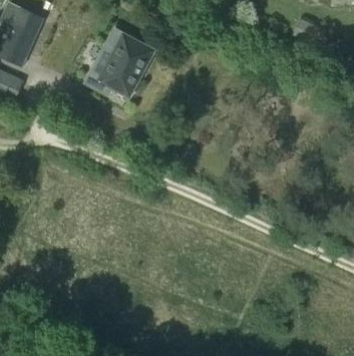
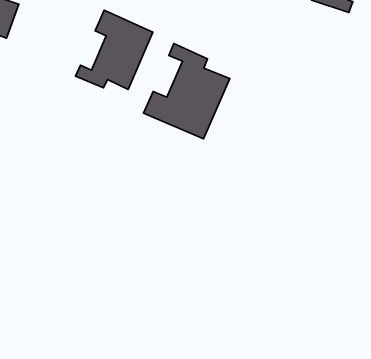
building: none -> [144,44,230,139]

